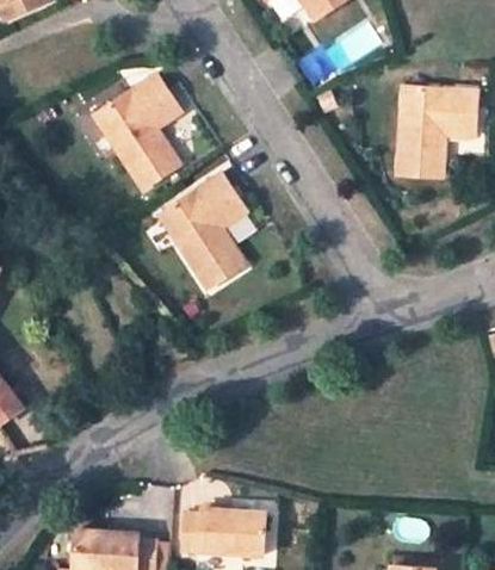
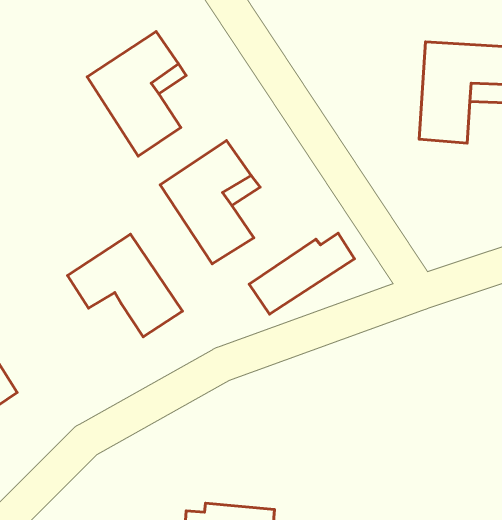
building: none -> [249,233,355,314]
building: none -> [68,234,183,337]

